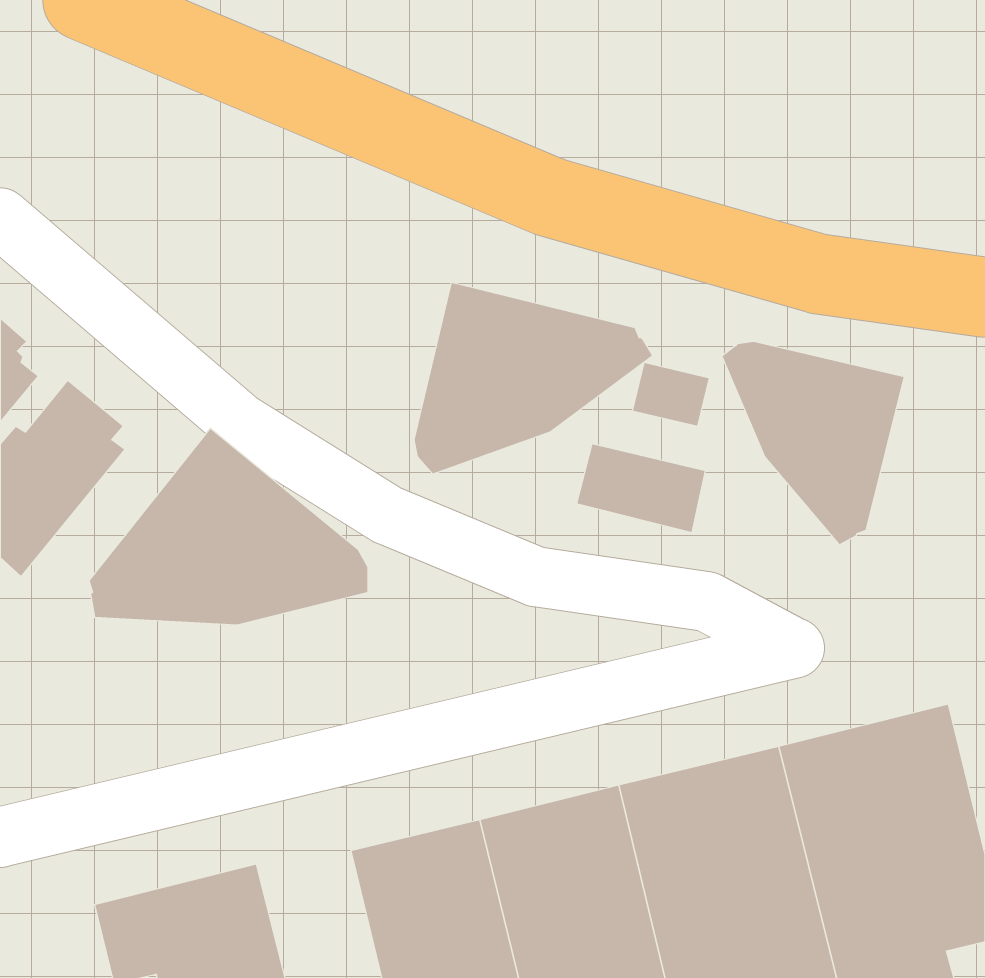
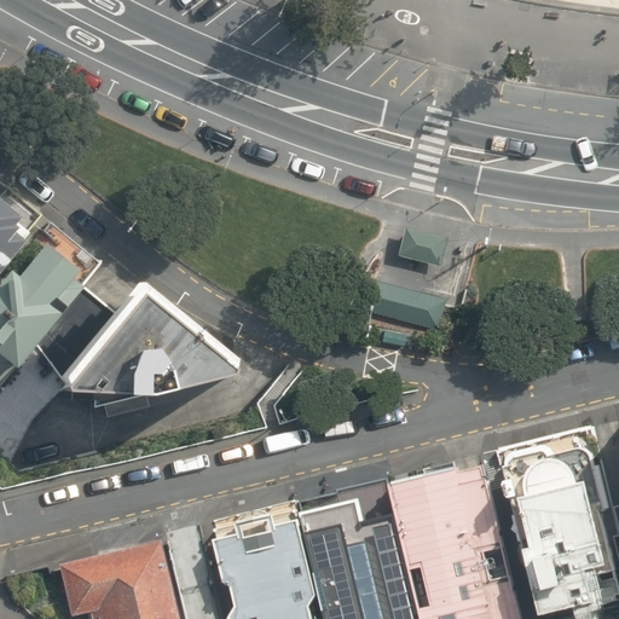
building: [414,282,653,474] -> none
building: [722,341,904,545] -> none

